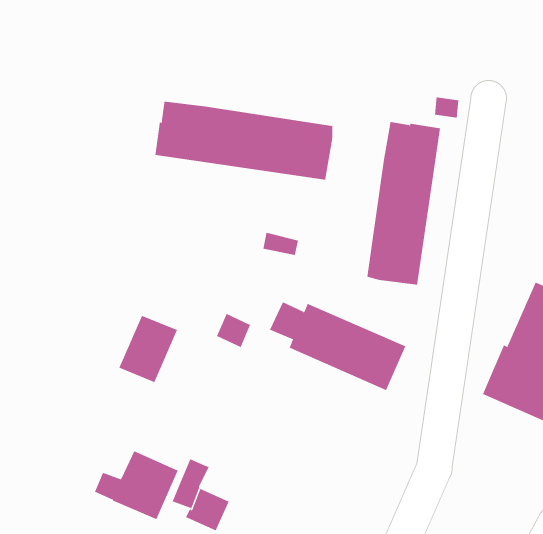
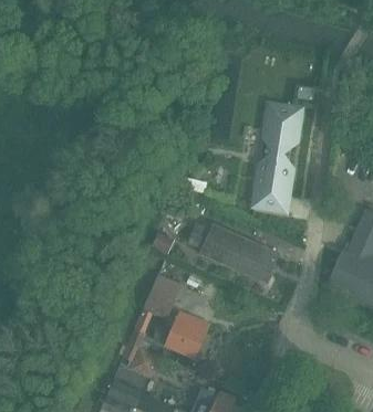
building: [155,101,333,180] -> none
building: [118,315,178,383] -> [143,274,183,319]
building: [94,451,178,520] -> [154,311,210,358]

